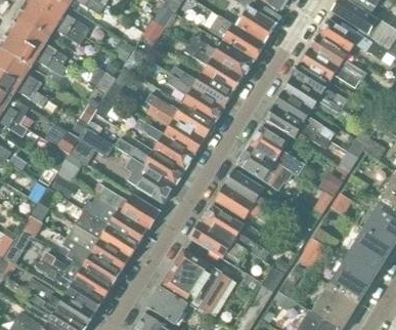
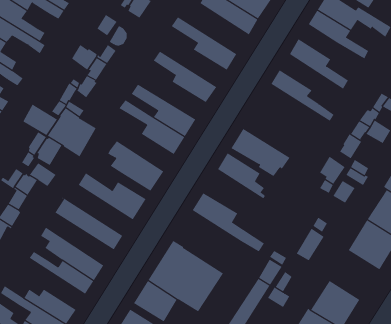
building: [188,35,253,76] -> none
building: [300,48,360,88] -> none
building: [172,67,234,107] -> none
building: [282,76,348,120] -> none
building: [151,96,215,136] -> none
building: [265,104,329,149] -> none
building: [249,125,308,177] -> none
building: [115,137,185,184] -> none
building: [215,182,274,224] -> none
building: [82,197,147,244] -> none
building: [190,220,247,265] -> none
building: [67,222,130,272] -> none
building: [328,257,376,303] -> none
building: [35,260,103,313] -> none

